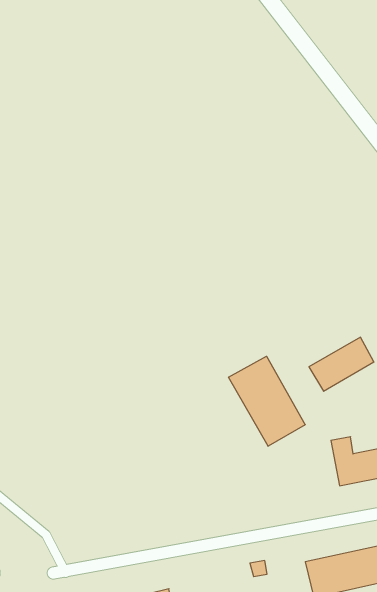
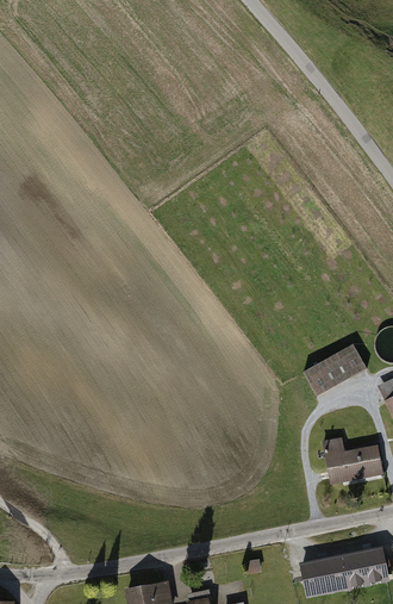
building: [229,356,305,446] -> none

